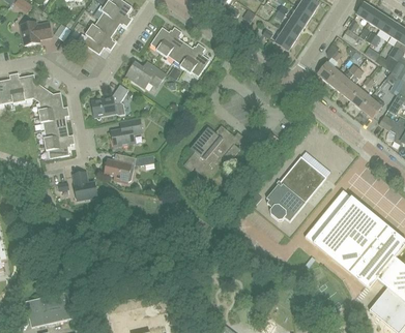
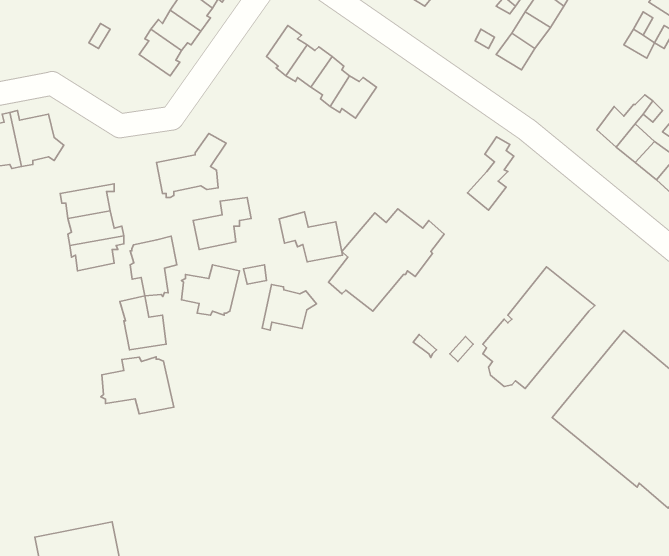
building: [21,21,51,43] -> none
building: [316,42,341,82] -> [467,137,514,210]
building: [127,60,165,87] -> none
building: [36,90,68,116] -> none
building: none -> [279,212,343,262]
building: none -> [130,236,177,297]
building: none -> [262,285,316,330]
building: none -> [101,357,174,414]

